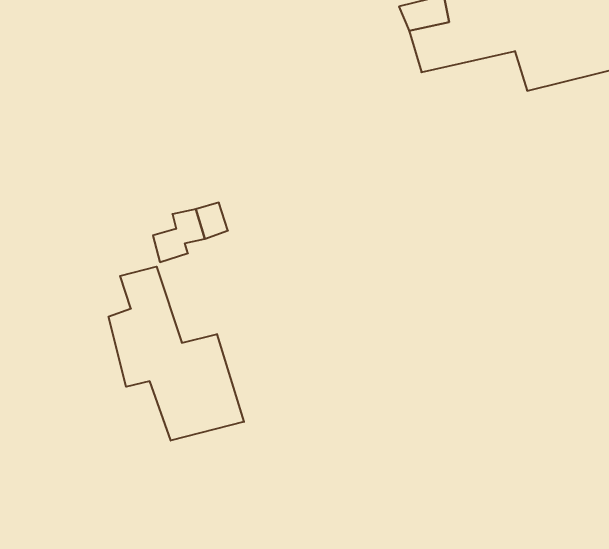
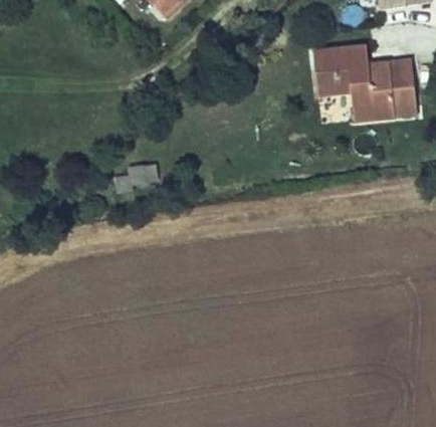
building: [109,267,244,441] -> none

